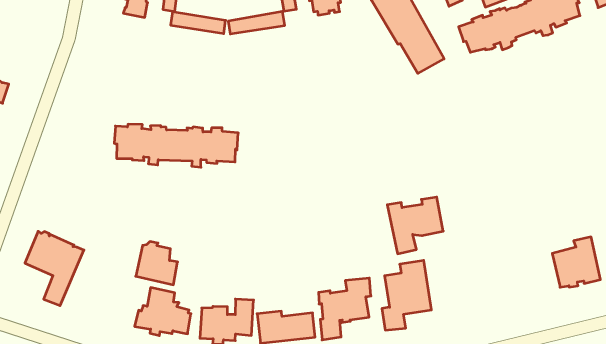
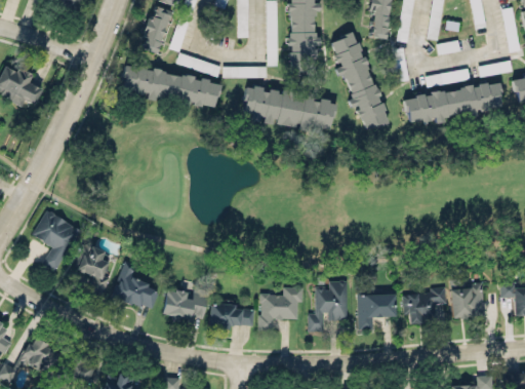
building: none -> [243,84,336,133]
building: [114,124,238,167] -> [122,64,221,107]
building: [387,197,443,254] -> [356,289,397,329]
building: [136,242,178,285] -> [73,242,108,279]
building: none -> [402,285,446,324]

